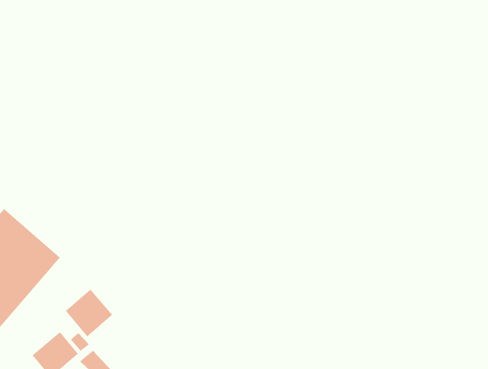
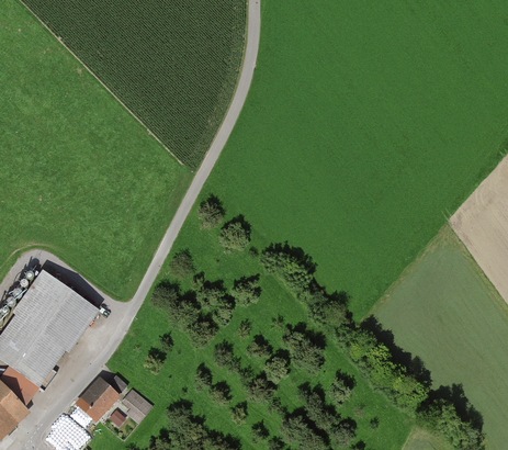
building: [65,288,113,337] -> none

